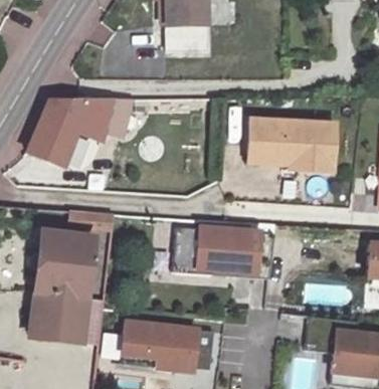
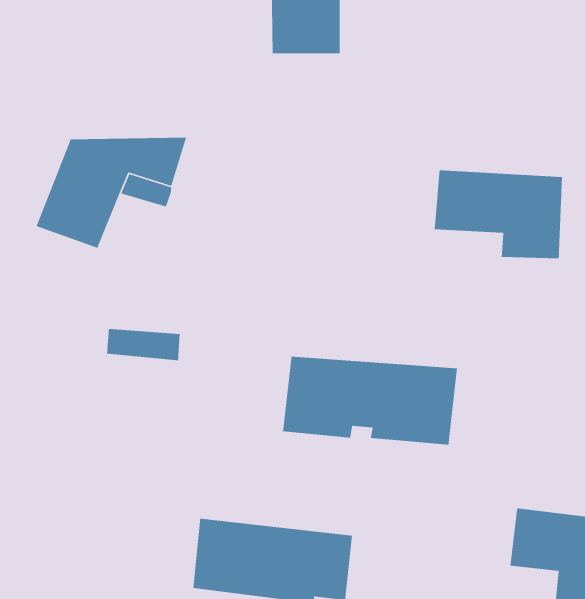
building: [109,99,140,137] -> none
building: [248,117,302,169] -> none
building: [30,231,94,342] -> none

